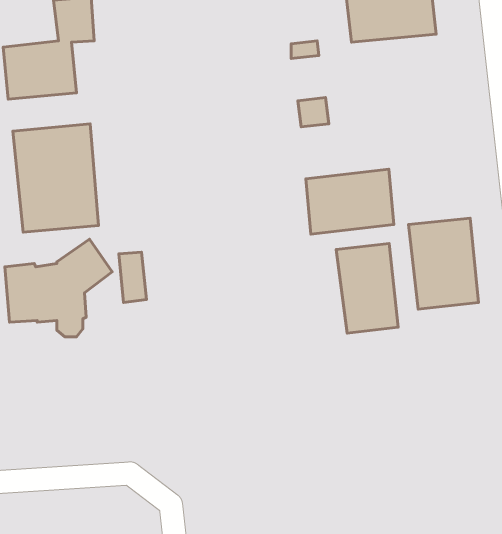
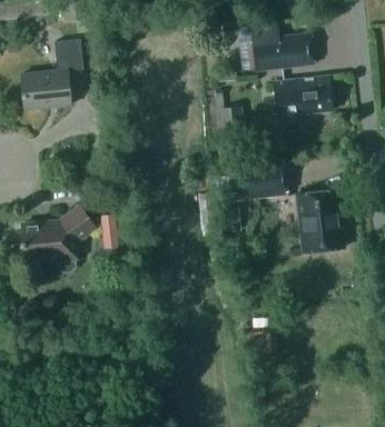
building: none -> [269,76,328,121]
building: [13,124,99,232] -> none
building: [336,243,398,333] -> none

